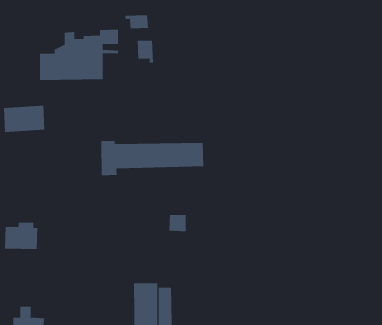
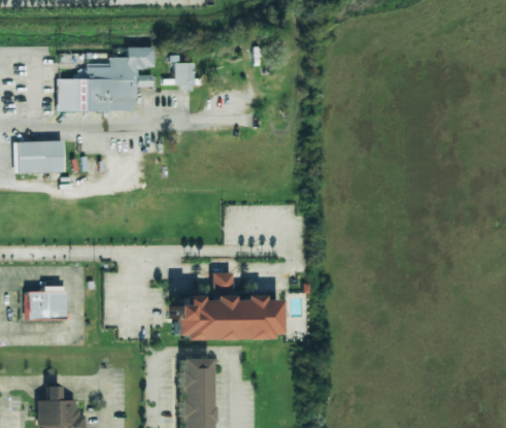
building: [125,14,149,29] -> none
building: [101,140,204,176] -> none
building: none -> [183,297,288,342]

